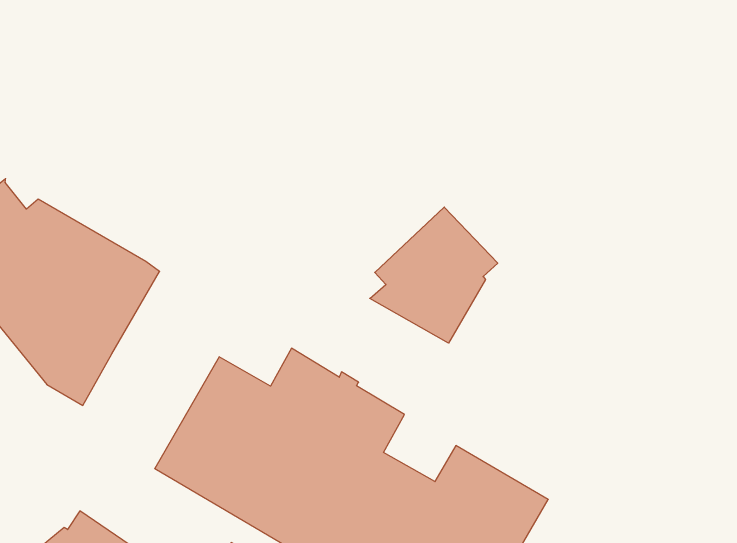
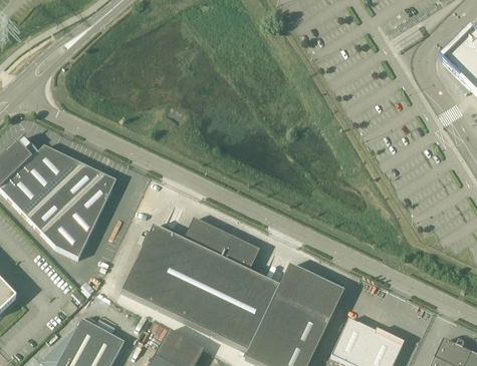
building: [370,207,498,343] -> none

